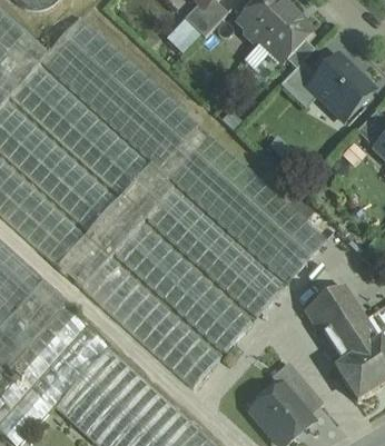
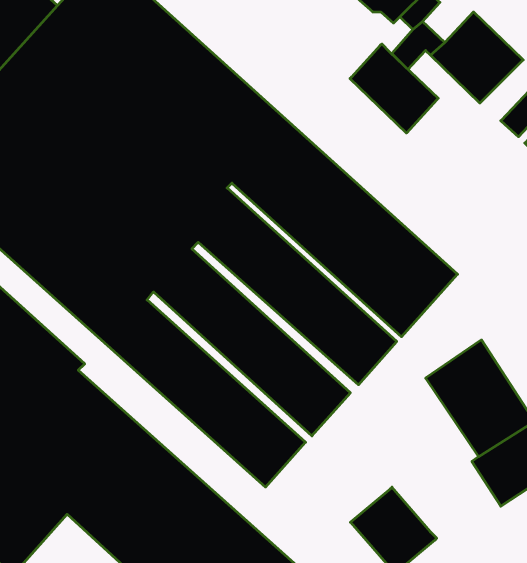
building: none -> [350,44,438,133]
building: [272,363,323,417] -> none

